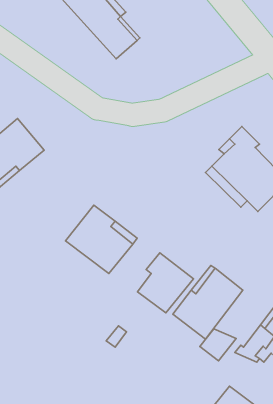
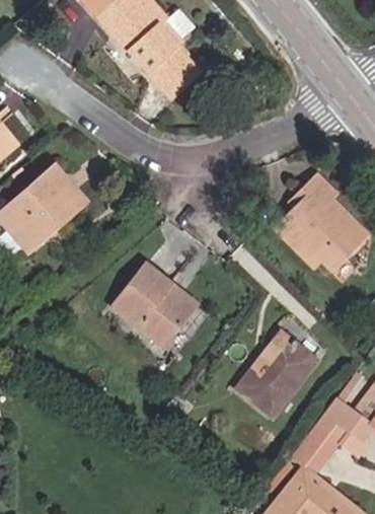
building: [137,253,194,313] -> none
building: [200,329,236,361] -> [290,433,331,469]

